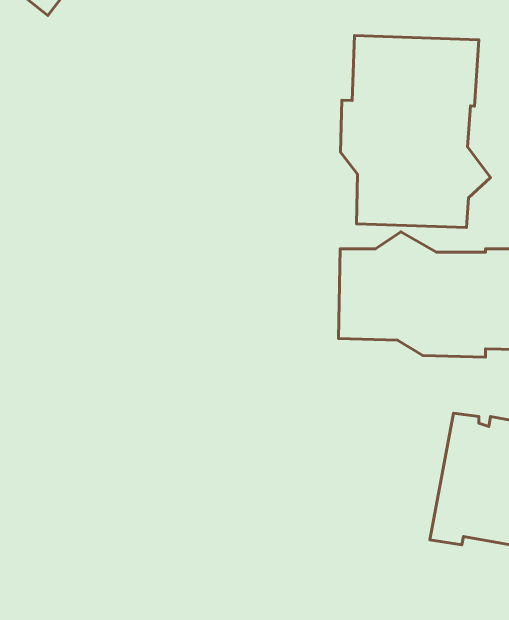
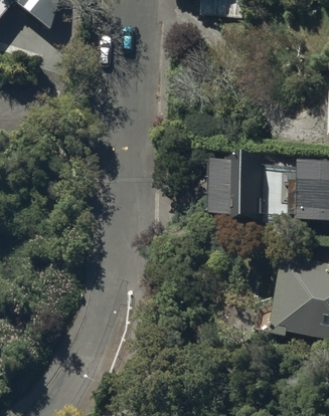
building: [340,36,491,227] -> none

